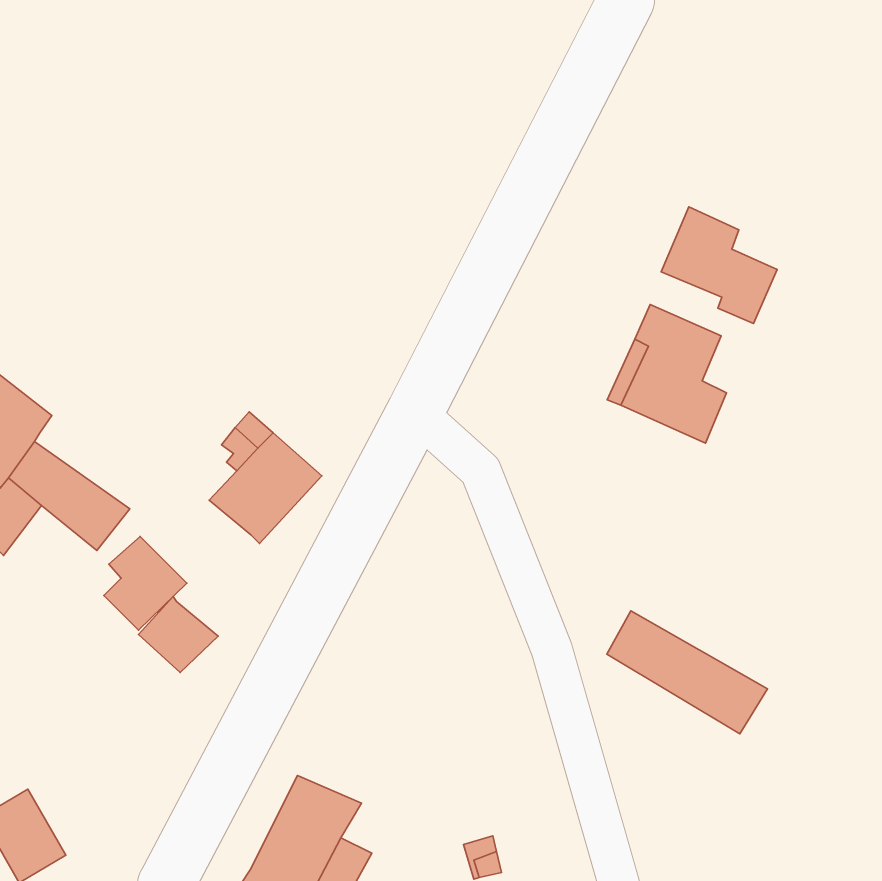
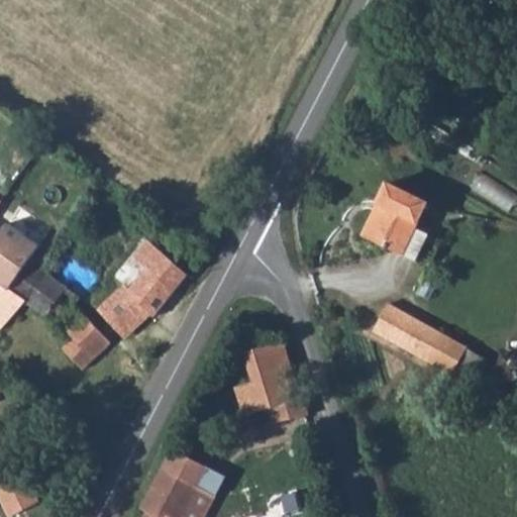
building: [661,207,777,323] -> none
building: none -> [231,340,305,425]
building: [139,596,218,673] -> [100,291,146,335]
building: [607,611,768,734] -> [371,302,464,374]

